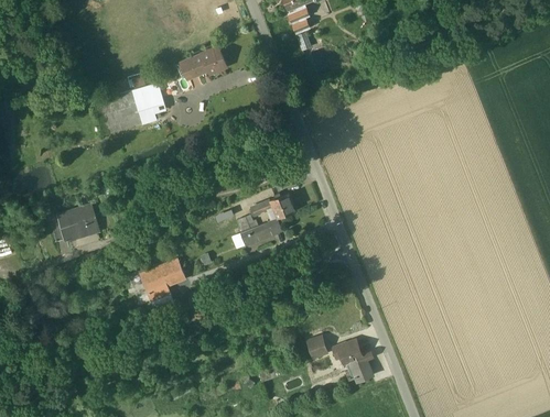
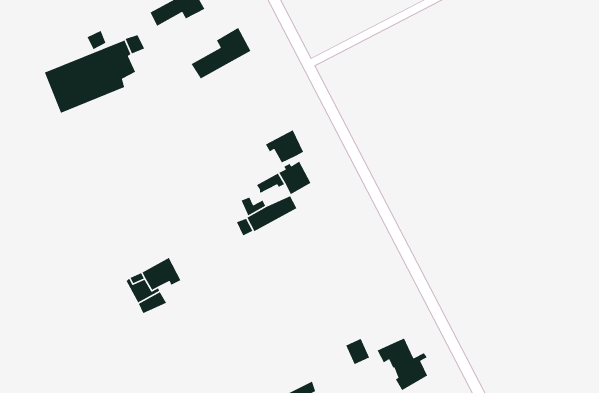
building: none -> [191,27,252,79]
building: none -> [265,129,304,164]
building: [58,205,100,242] -> none

